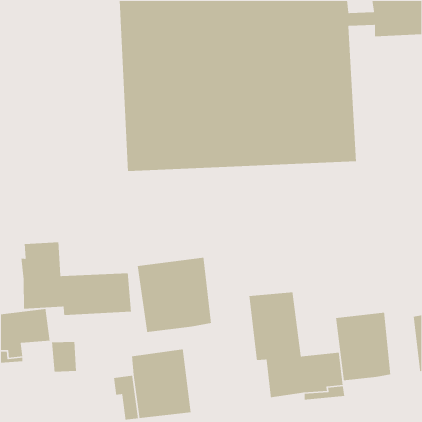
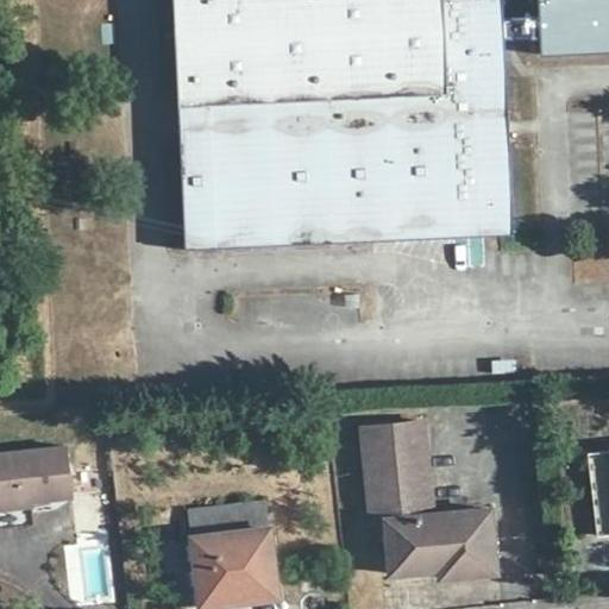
building: [20,242,132,316] -> none
building: [137,257,212,333] -> none
building: [335,312,391,381] -> none

